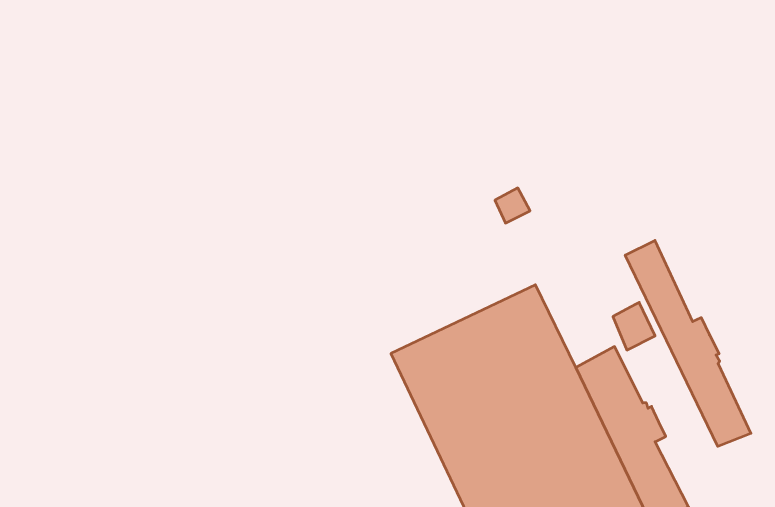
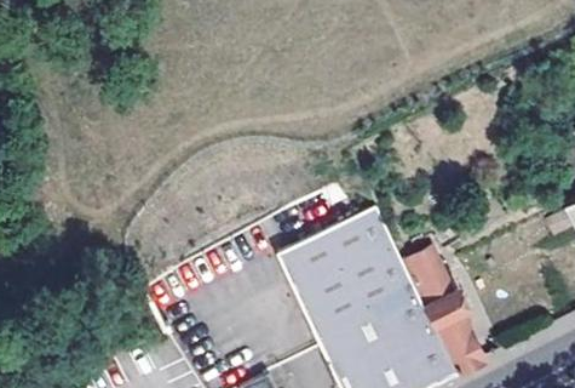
building: [625,240,751,446] -> none

